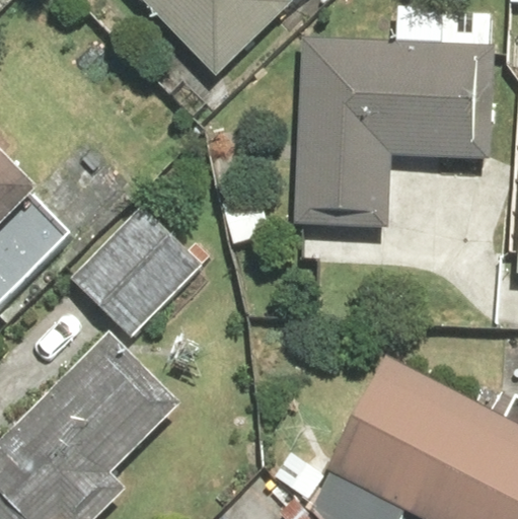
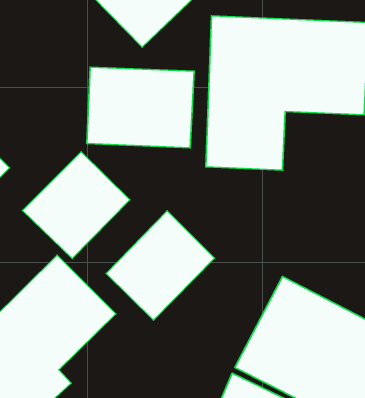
building: none -> [87,67,194,148]
building: none -> [106,211,214,320]

